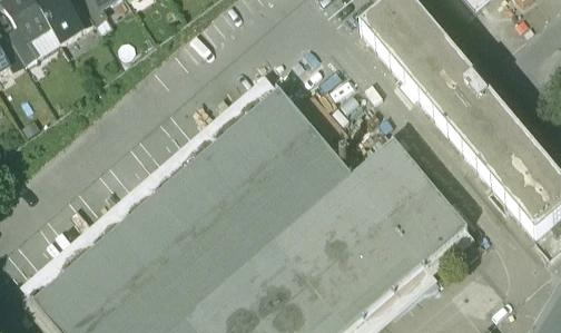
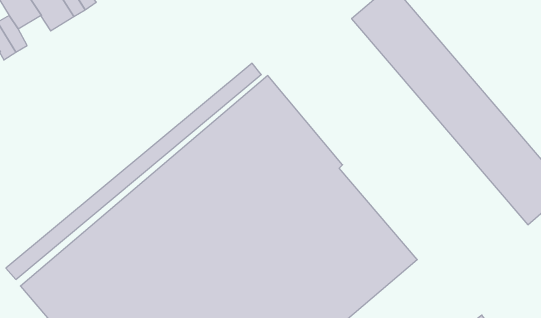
building: [352,143,474,275] -> none

